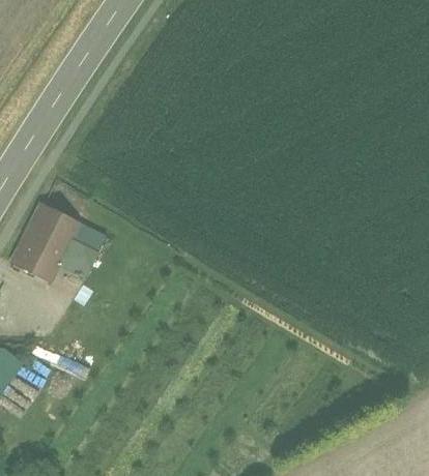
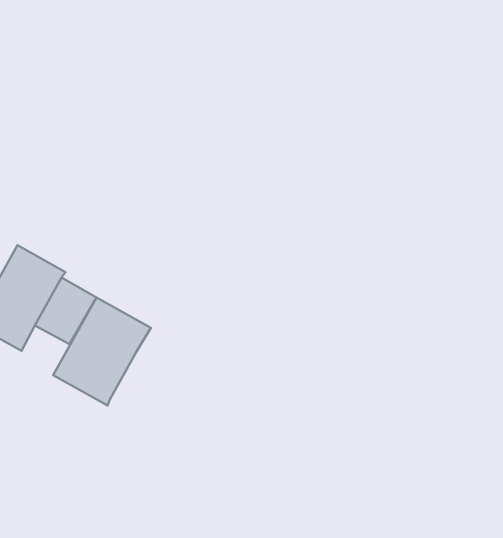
building: none -> [53,297,151,406]

